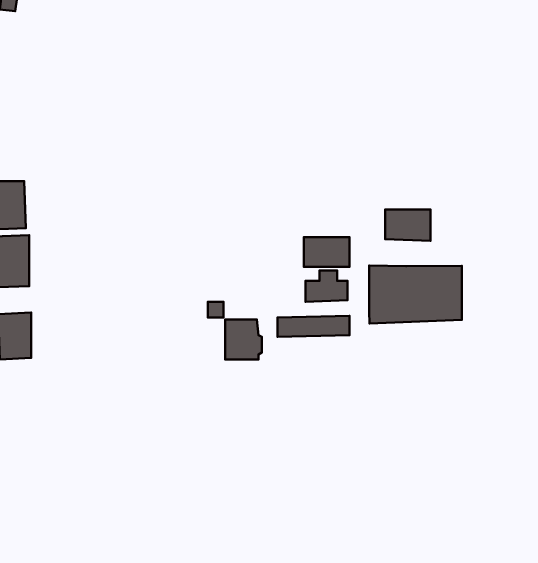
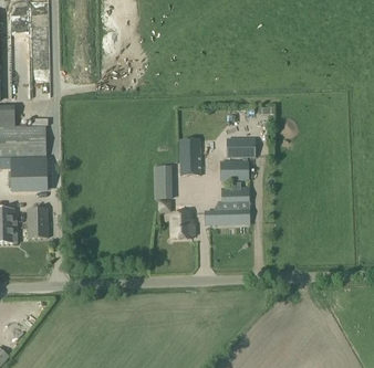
building: none -> [178,137,199,174]
building: [385,209,431,241] -> [227,136,256,156]
building: none -> [155,166,170,198]
building: [369,266,462,323] -> none

